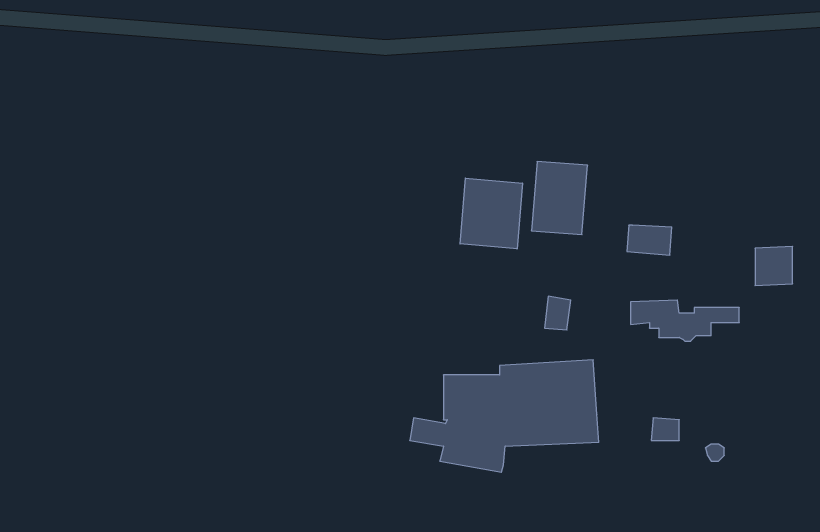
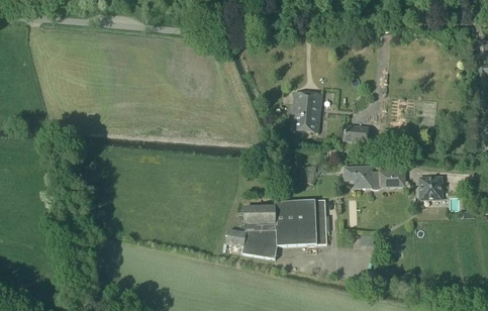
building: [460,178,522,249] -> none
building: [755,246,793,286] -> [421,177,442,198]

